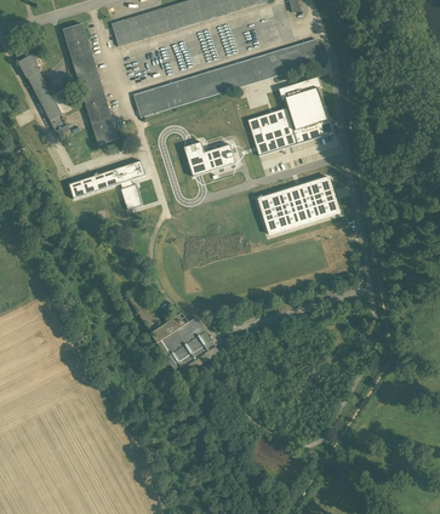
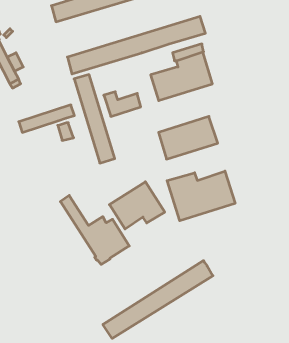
building: [62,23,118,144] -> [74,75,115,163]
building: none -> [167,171,235,221]
building: none -> [109,182,165,229]
building: none -> [103,261,213,338]

